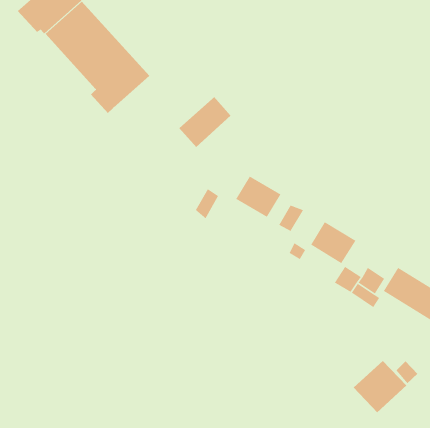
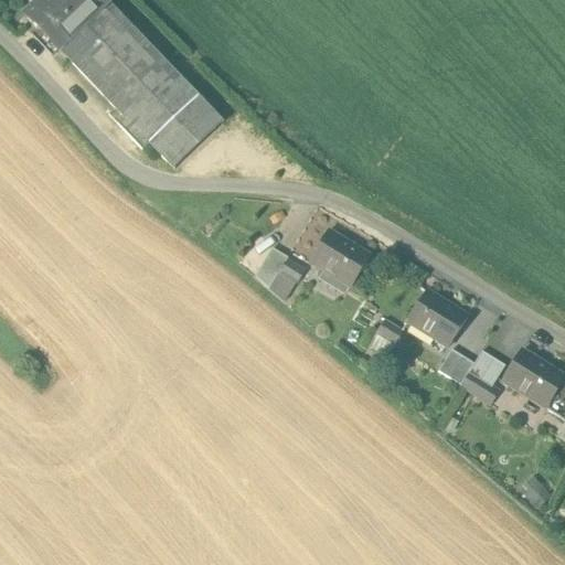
building: [178,96,231,148] -> [150,99,220,167]
building: none -> [270,257,305,299]
building: [278,204,304,232] -> none
building: [353,360,407,413] -> none

